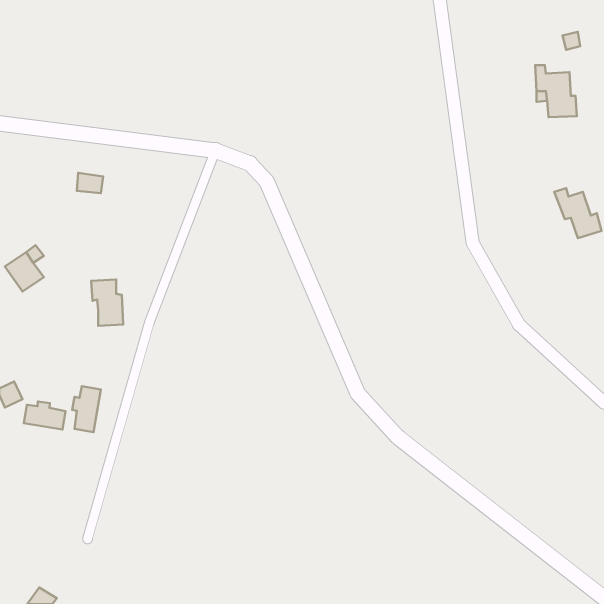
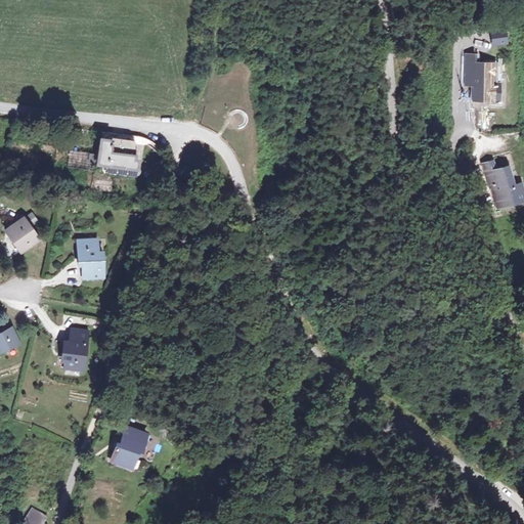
building: none -> [95,130,138,171]
building: [24,401,65,430] -> none
building: none -> [108,428,144,469]

